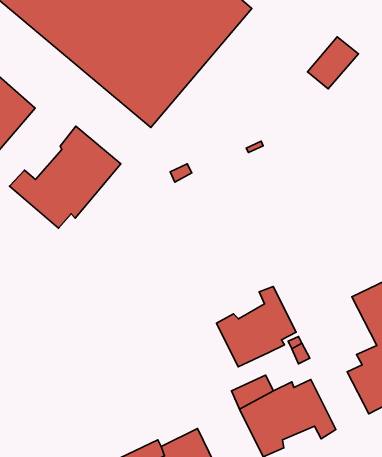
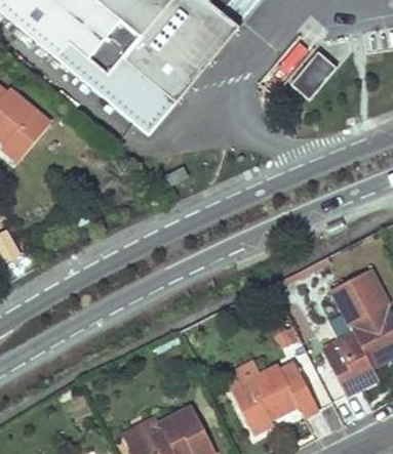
building: [9,126,121,228] -> none
building: [216,286,296,367] -> none

